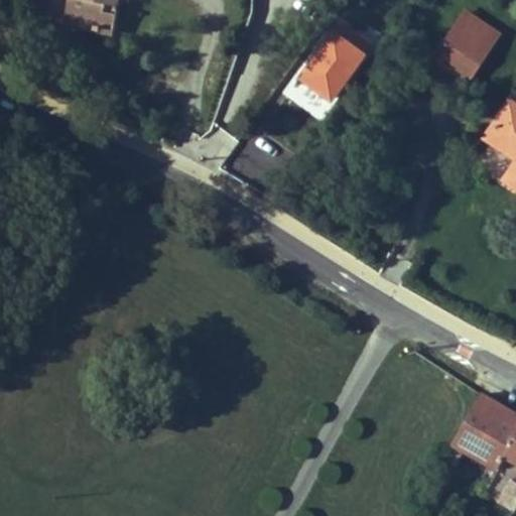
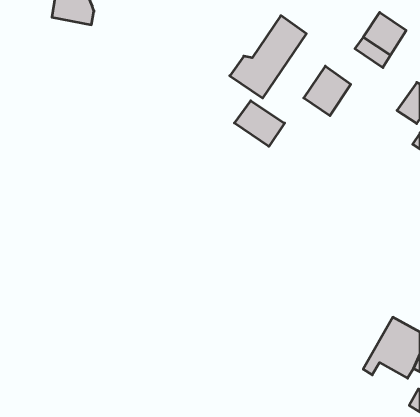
building: none -> [304,66,351,116]
building: none -> [234,101,285,146]

